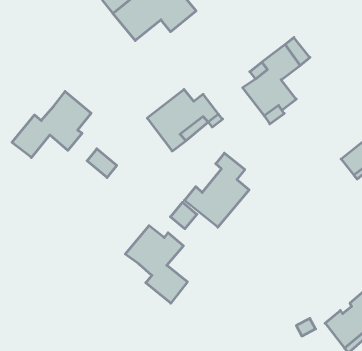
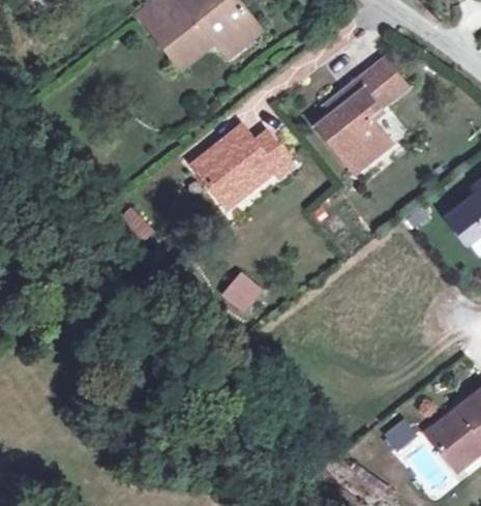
building: [12,91,91,158] -> none
building: [184,153,249,227] -> none
building: [125,226,187,303] -> none

